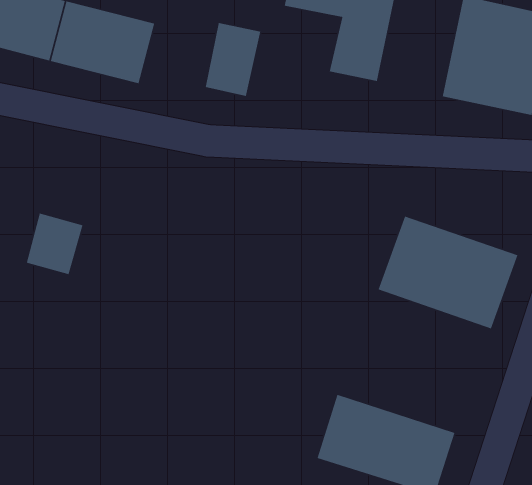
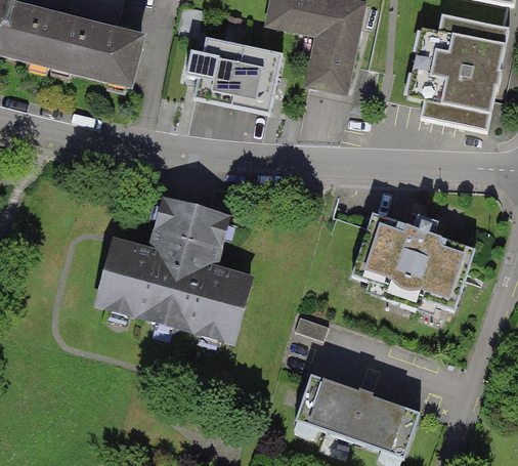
building: none -> [229,43,282,111]
building: none -> [96,196,253,343]
building: [26,212,83,275] -> none

